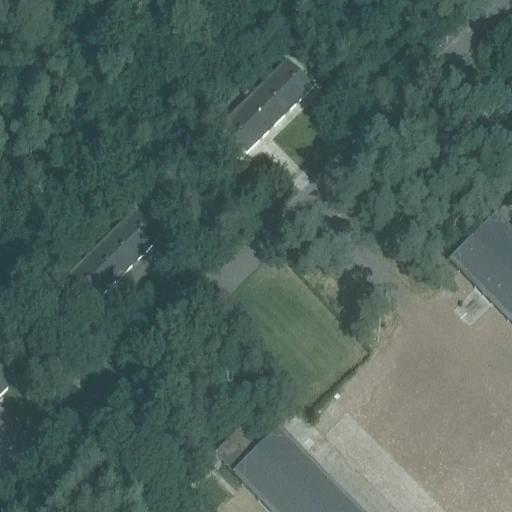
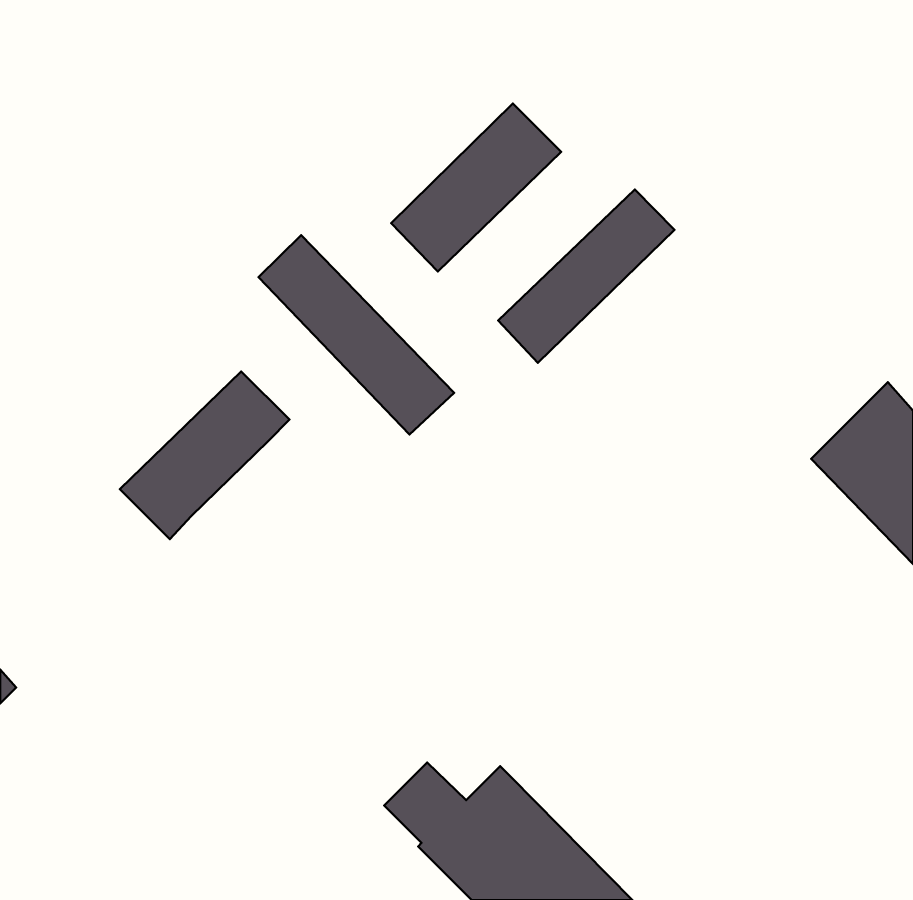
building: none -> [498,189,675,363]
building: none -> [258,235,454,434]

